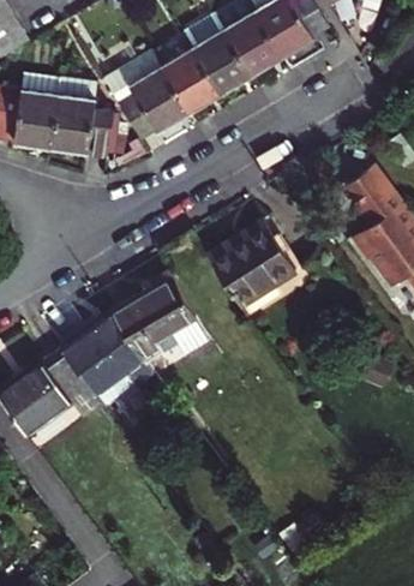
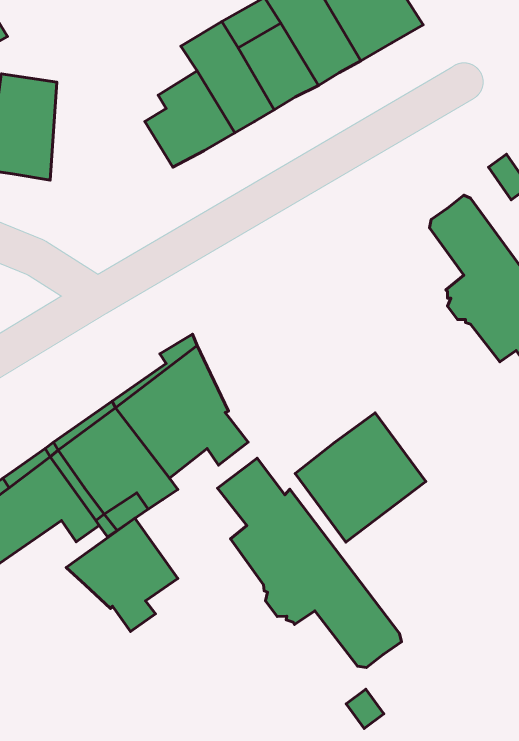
building: [112,50,168,106] -> none
building: [60,77,131,156] -> none
building: [203,205,299,300] -> [295,413,426,542]
building: none -> [217,458,401,668]
building: none -> [66,518,178,632]

